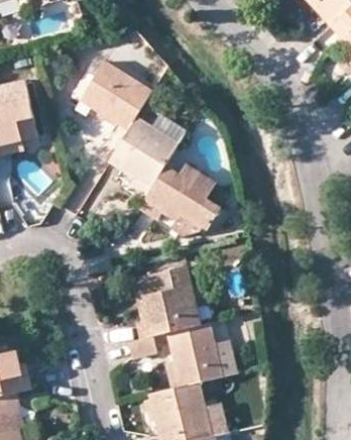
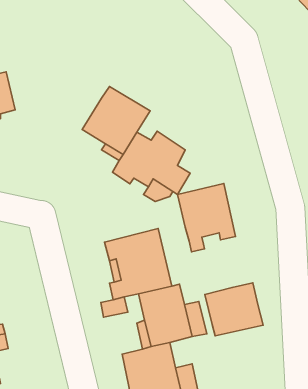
building: [80,59,153,128] -> none
building: none -> [178,184,236,252]
building: none -> [205,283,263,336]

